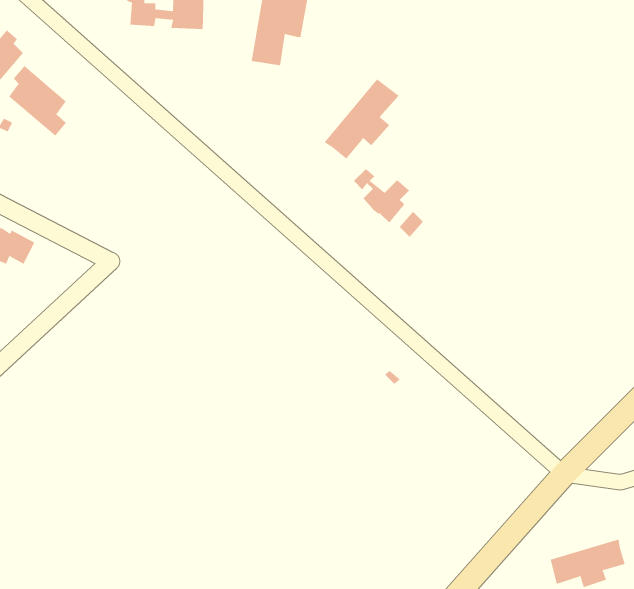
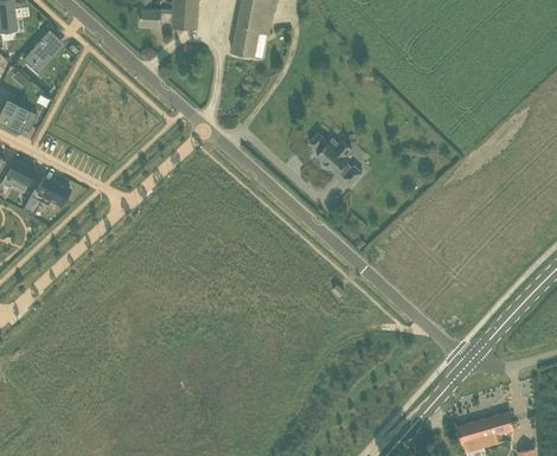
building: [8,65,67,136] -> none
building: [324,78,400,160] -> none

